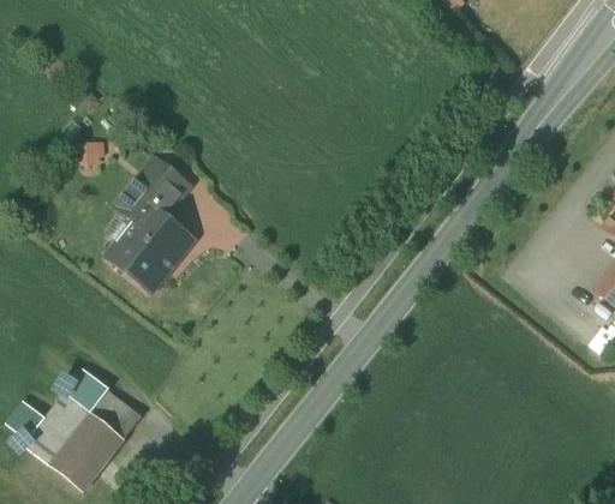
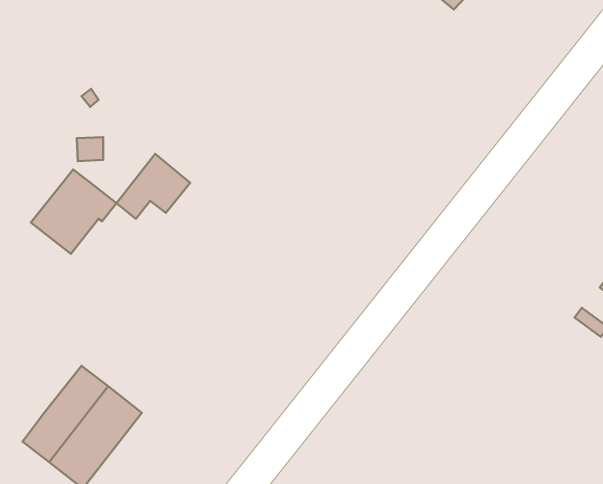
building: [108,203,193,287] -> [31,170,117,254]
building: [6,398,44,438] -> none

